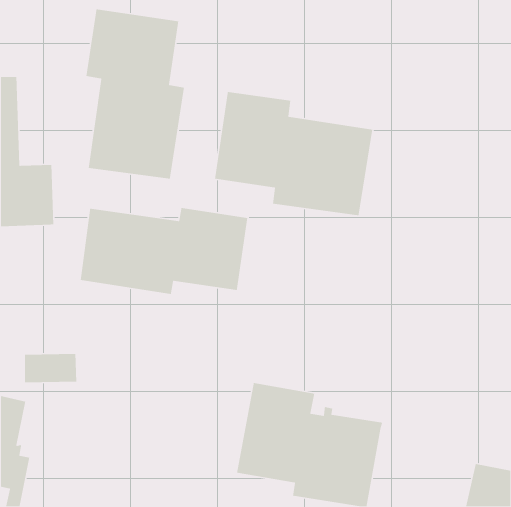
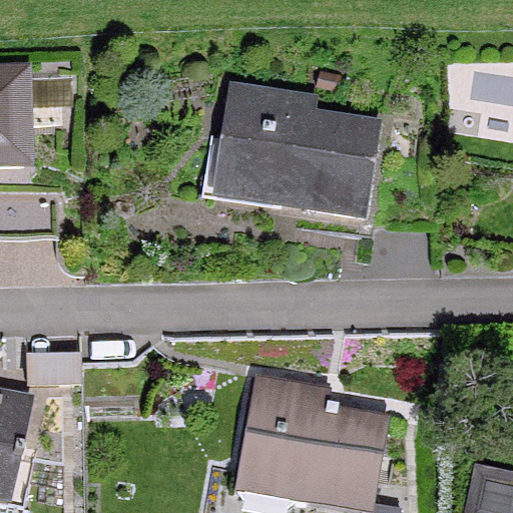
building: [86,9,185,179] -> none
building: [80,207,248,295] -> none

